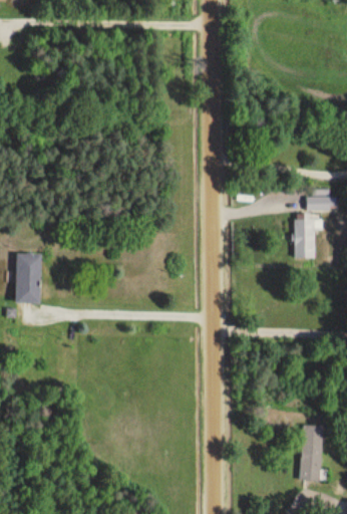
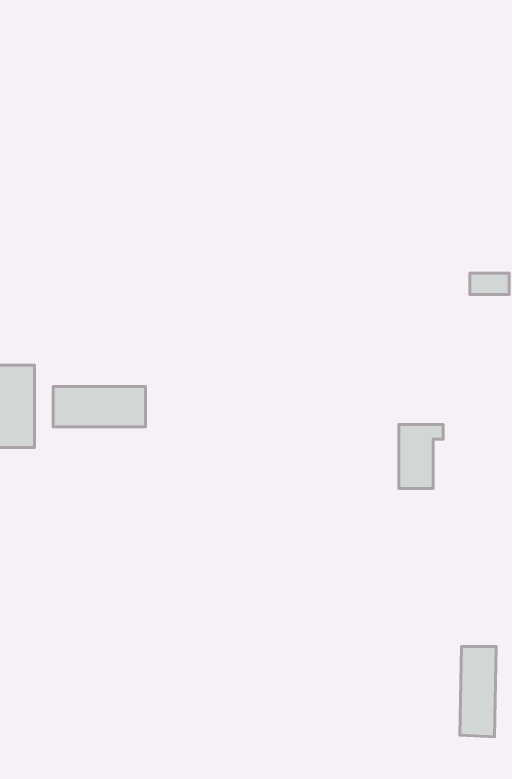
building: [294,220,321,259] -> [399,425,443,489]
building: none -> [53,386,145,427]

